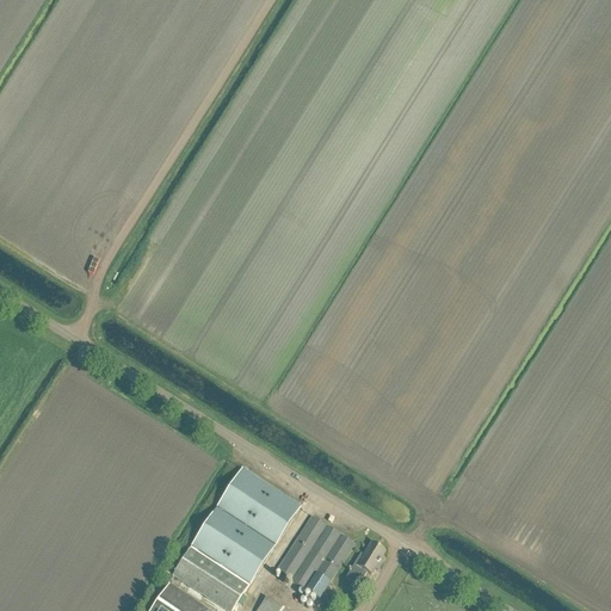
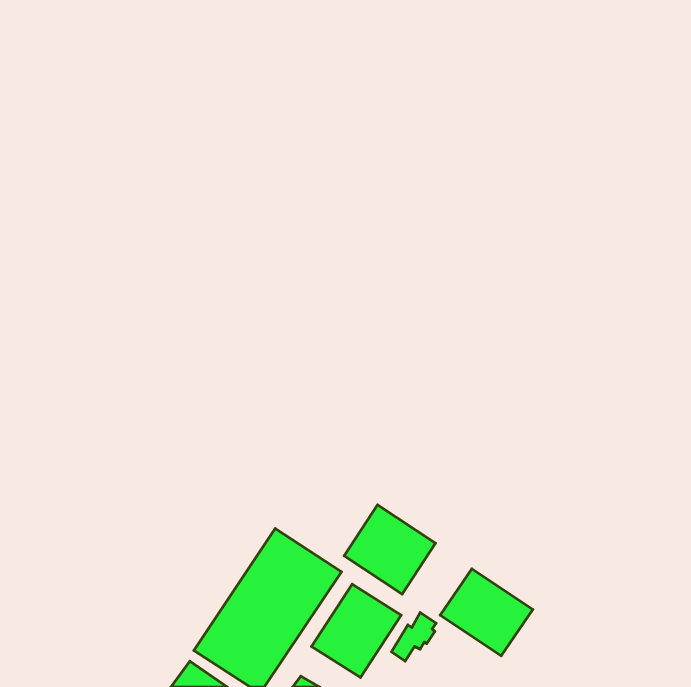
building: none -> [344,505,435,594]
building: none -> [440,569,533,656]

